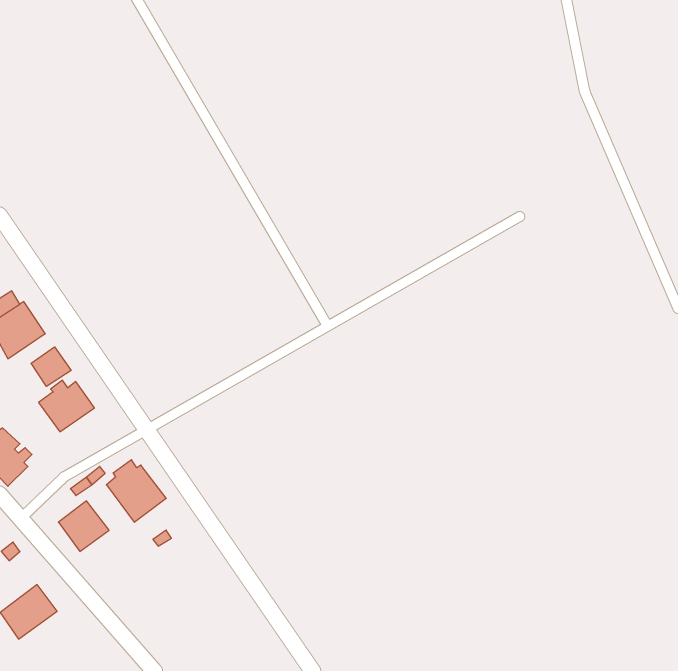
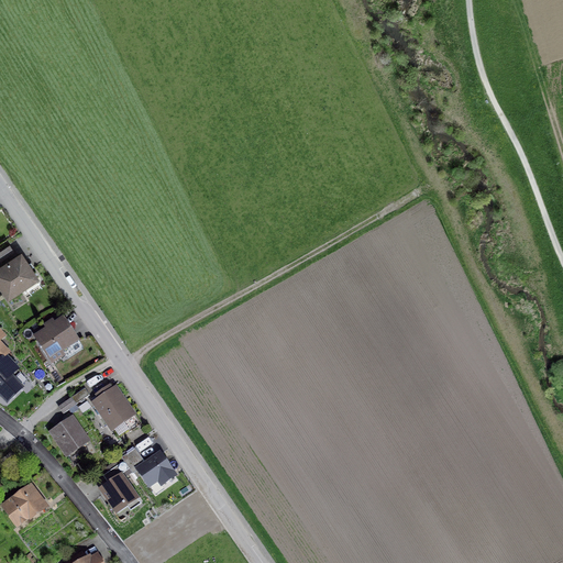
building: [31,347,71,386] -> none
building: none -> [136,451,178,494]
building: none -> [97,459,142,516]

